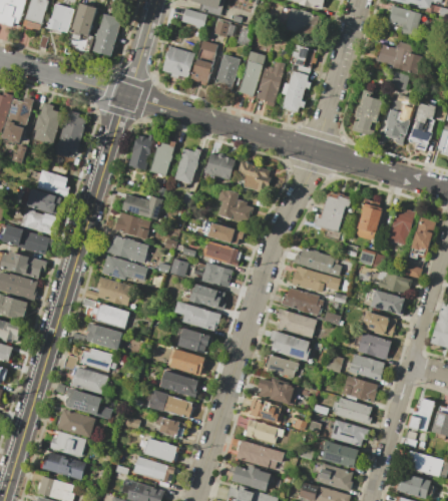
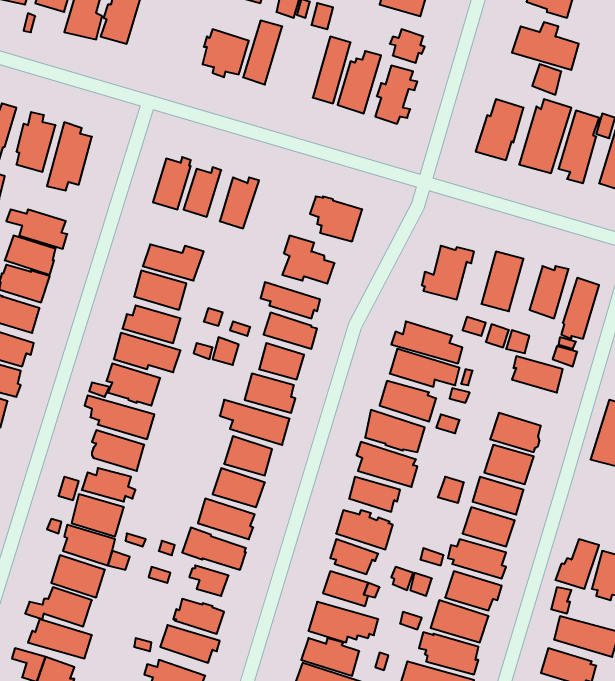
building: [214,53,240,90] -> none
building: [204,152,235,179] -> none
building: [371,290,405,316] -> none

